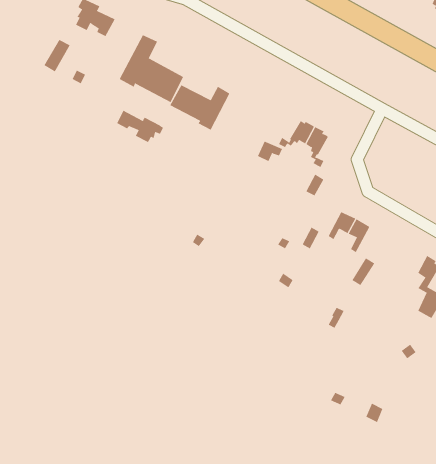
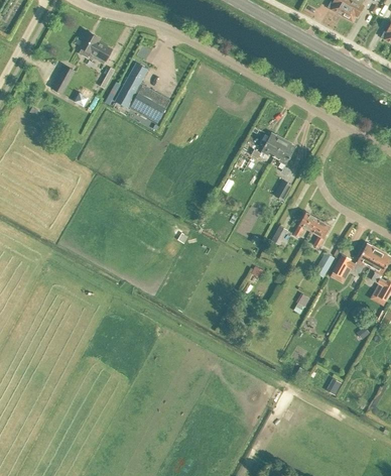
building: [169,85,230,130] -> none
building: [117,110,164,143] -> none
building: none -> [333,244,378,278]

